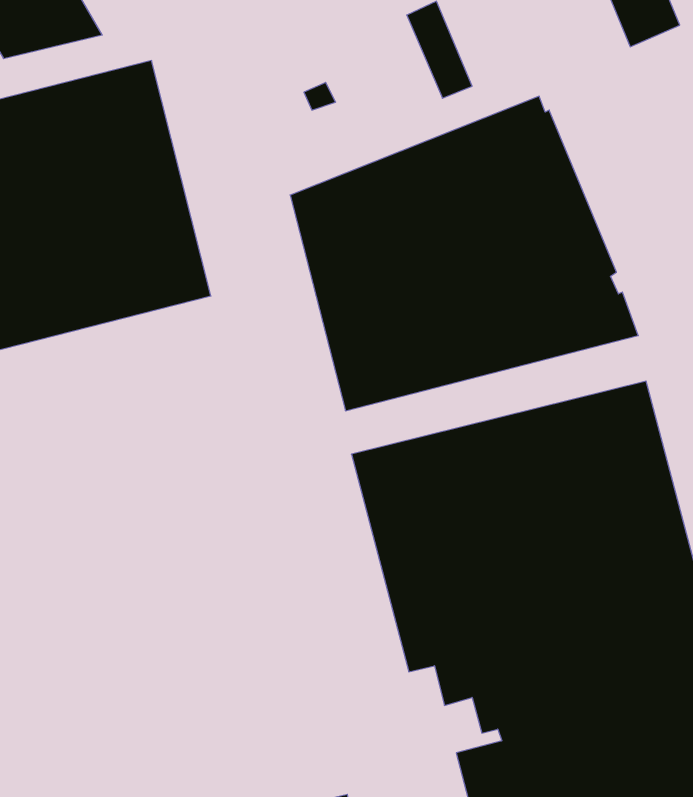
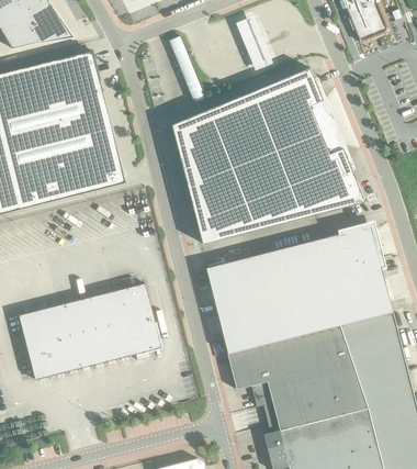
building: none -> [19,283,161,380]

